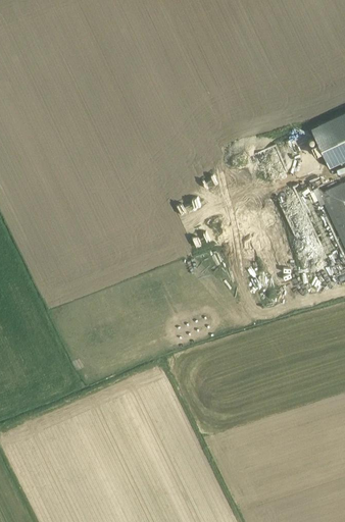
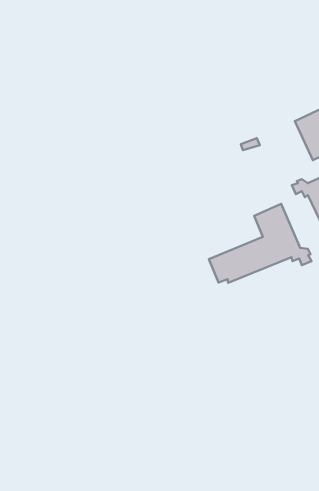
building: none -> [209,204,311,283]

